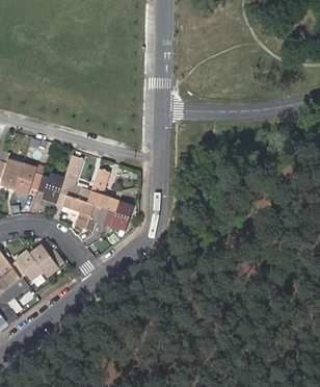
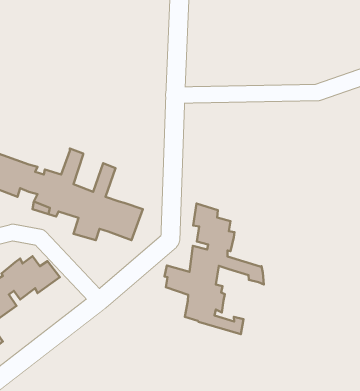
building: none -> [165,203,264,334]

